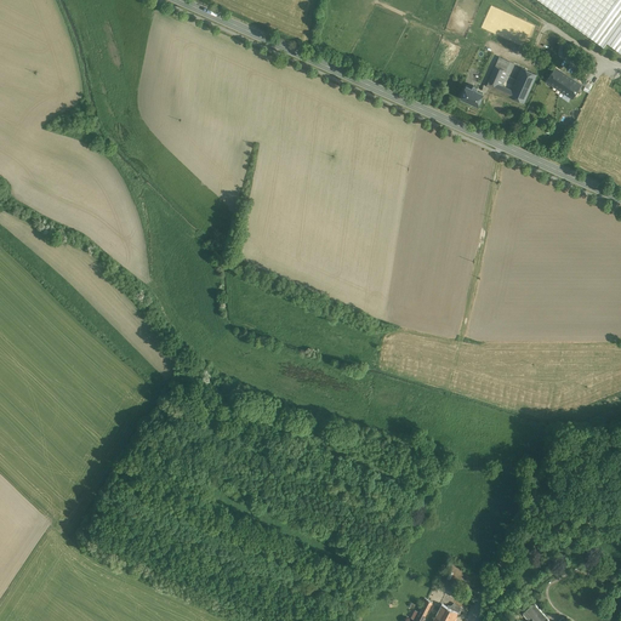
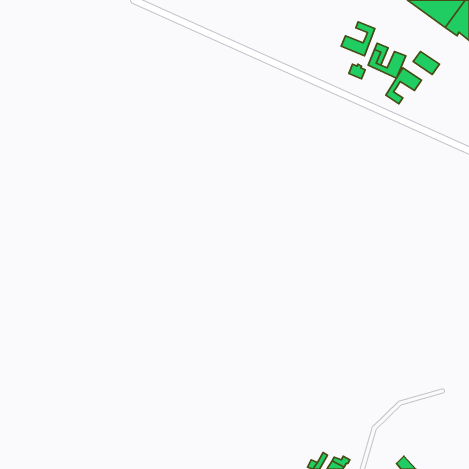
building: none -> [341,22,375,56]
building: none -> [386,68,421,104]

